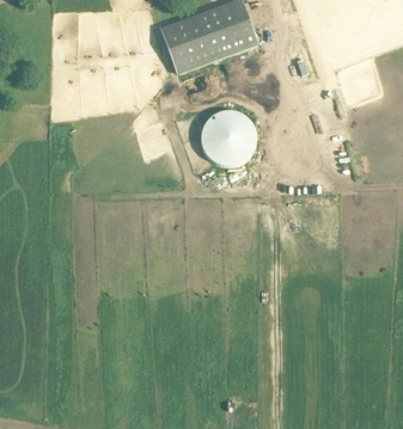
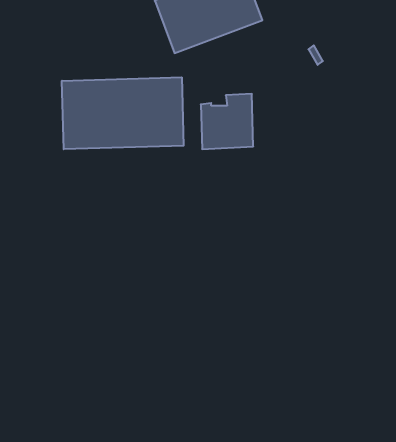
building: none -> [62,77,184,149]

